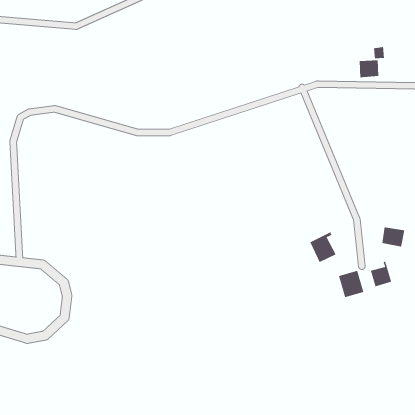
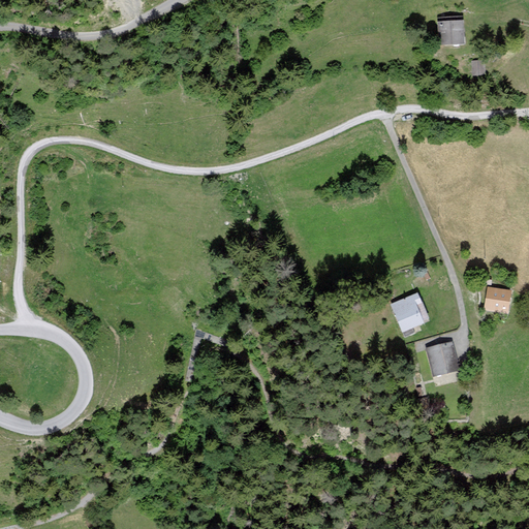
building: [359,60,379,78] -> [437,21,463,43]
building: [370,261,392,287] -> none

